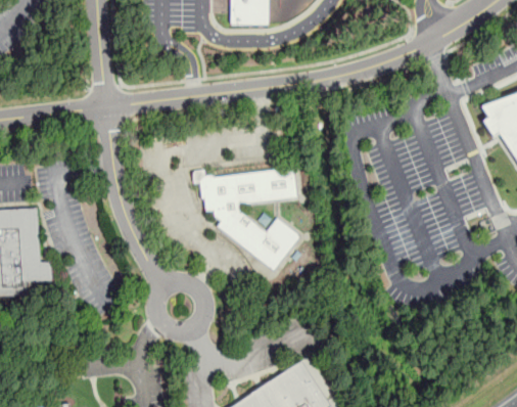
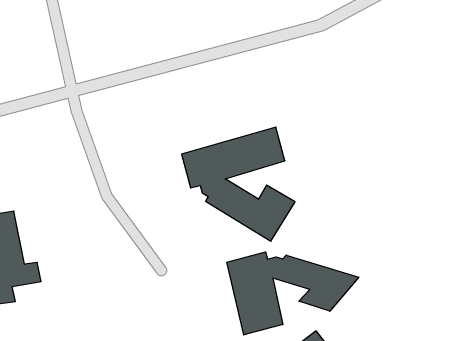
building: none -> [227,252,359,335]

